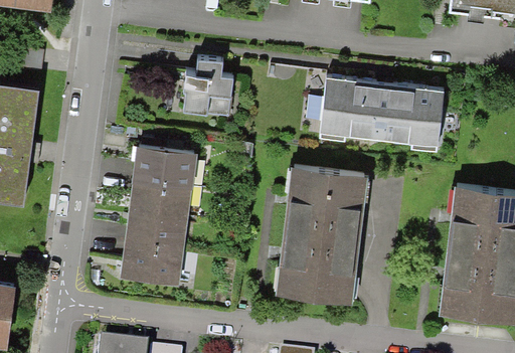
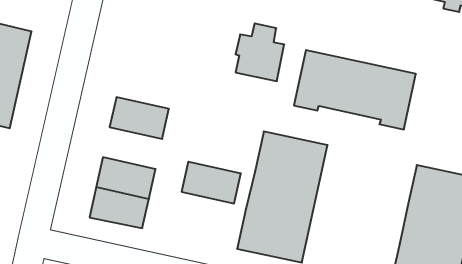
building: [185,57,235,116] -> [235,23,284,81]
building: [127,177,187,216] -> [182,162,241,204]

